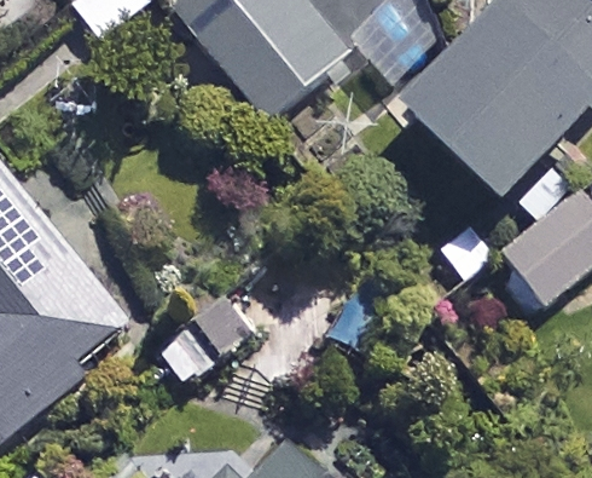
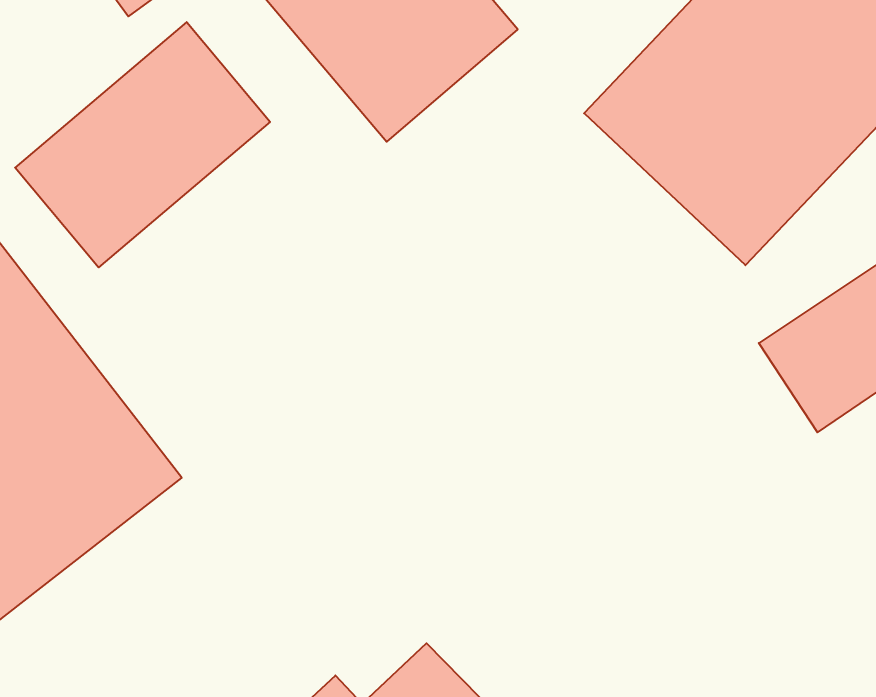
building: none -> [15,22,270,267]

